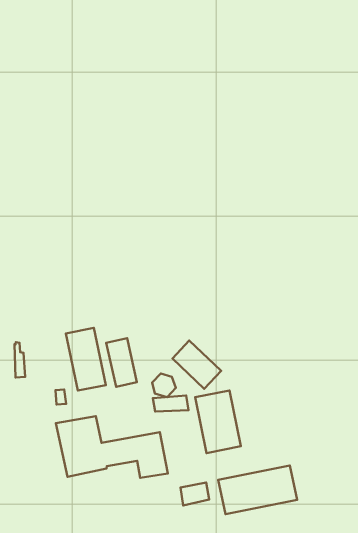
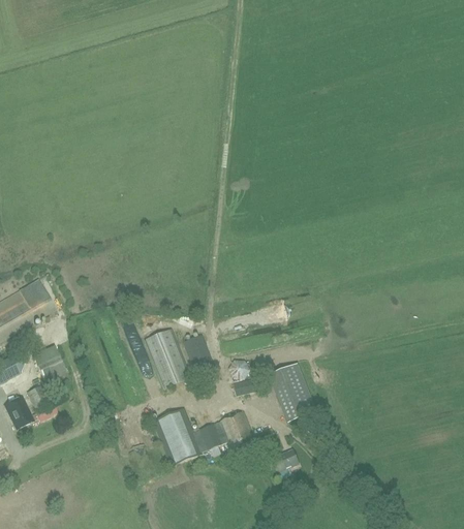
building: [172,340,221,389] -> none
building: [218,465,297,514] -> none

